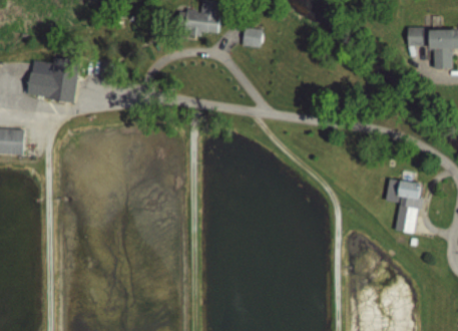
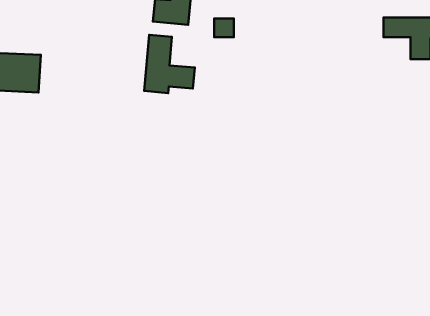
building: none -> [144,35,195,93]
building: [384,179,420,225] -> none

